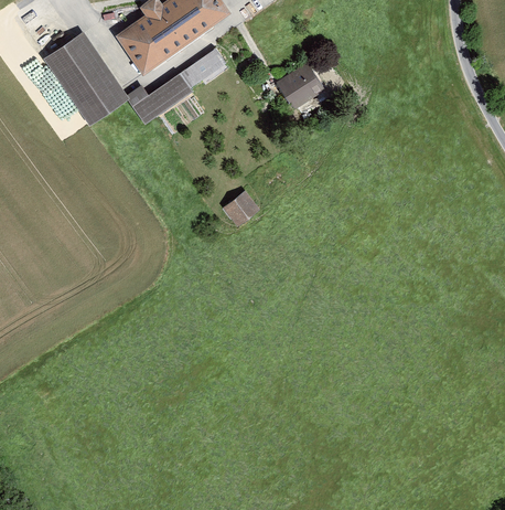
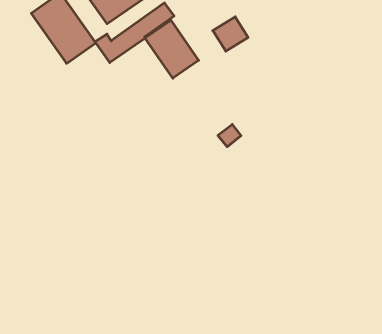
building: none -> [145,20,199,78]
building: [229,192,259,221] -> [218,124,241,147]

